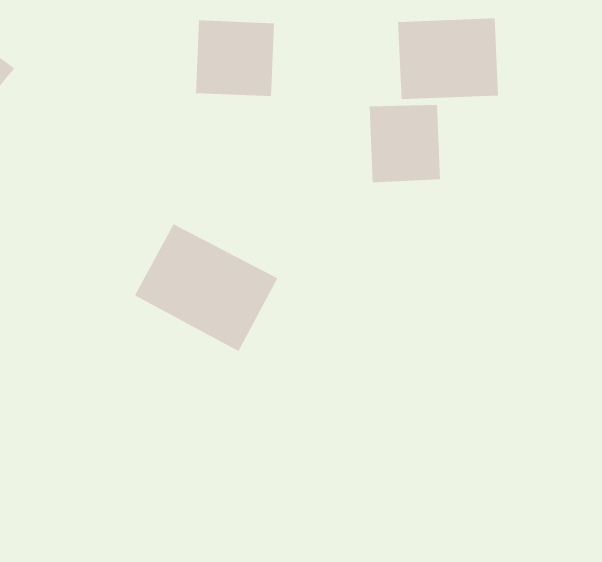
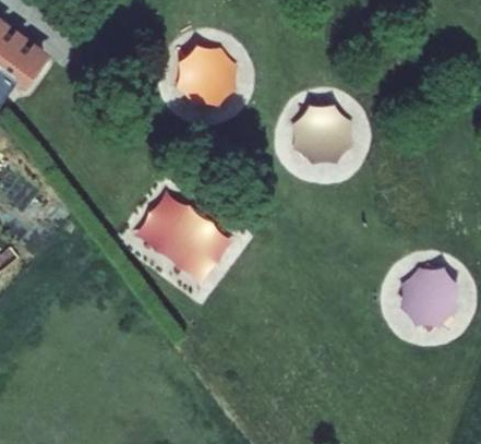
building: [398,17,499,100] -> none
building: none -> [402,265,453,323]

